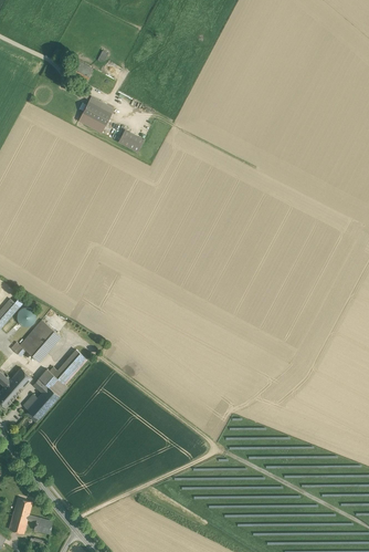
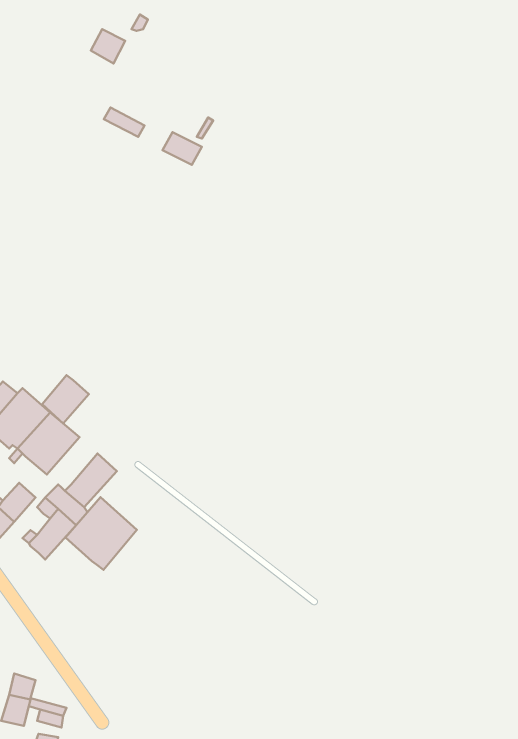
building: [82,96,114,125] -> none
building: none -> [42,375,89,424]
building: none -> [66,497,137,570]

